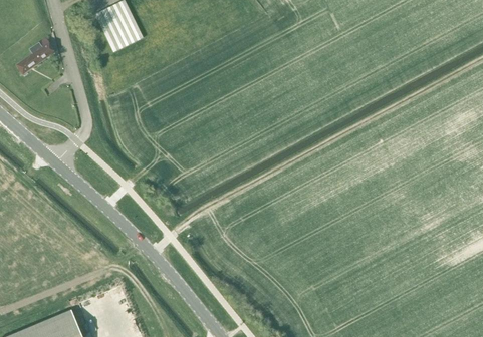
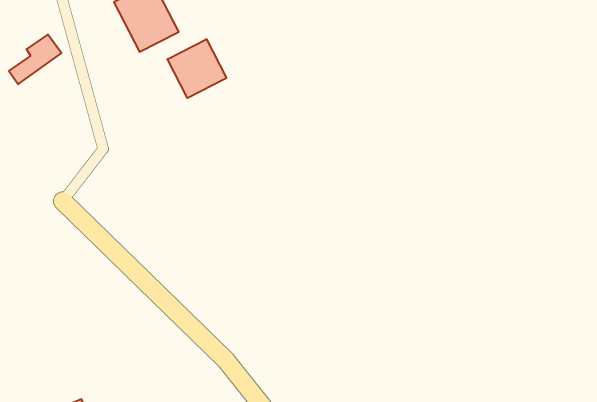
building: none -> [167,39,226,98]

